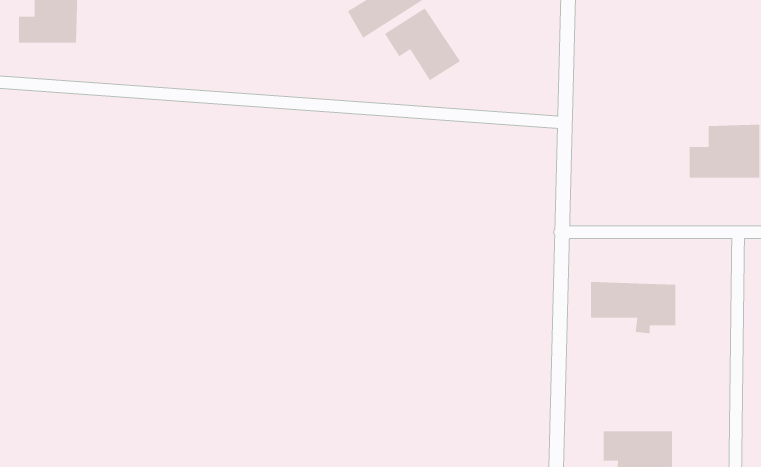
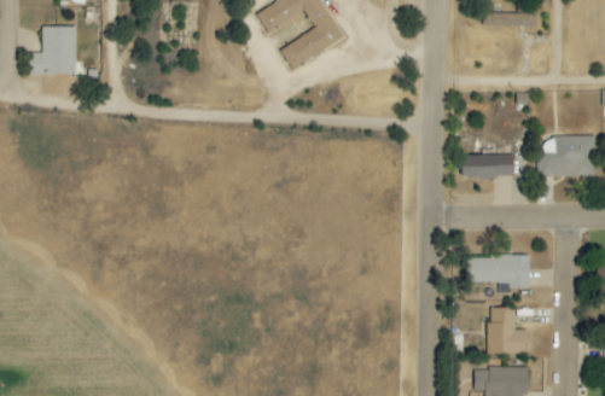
building: [384,8,461,81] -> none
building: none -> [461,155,513,177]
building: none -> [487,308,525,354]

